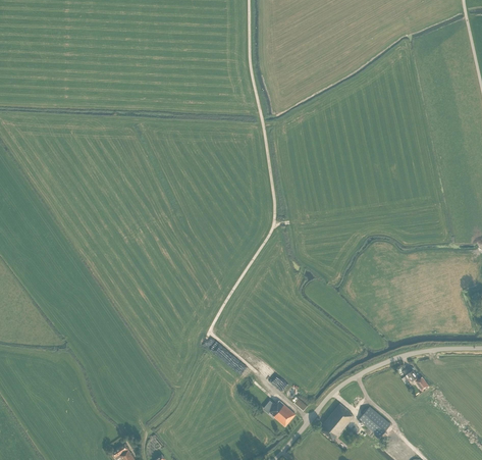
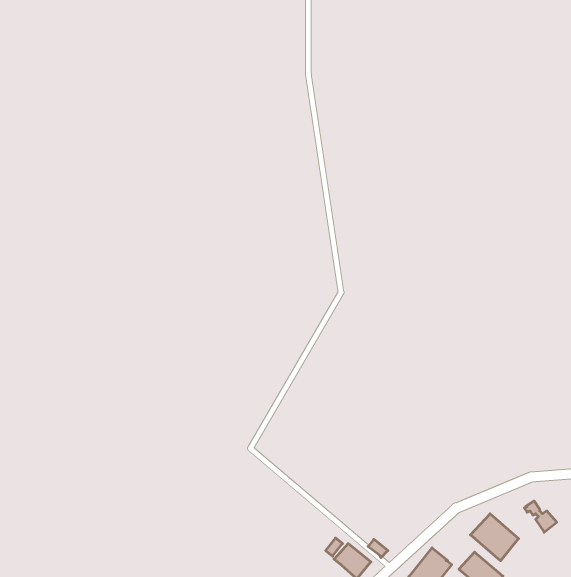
building: none -> [470,514,519,561]

